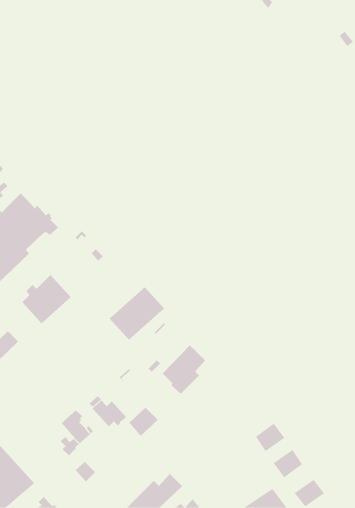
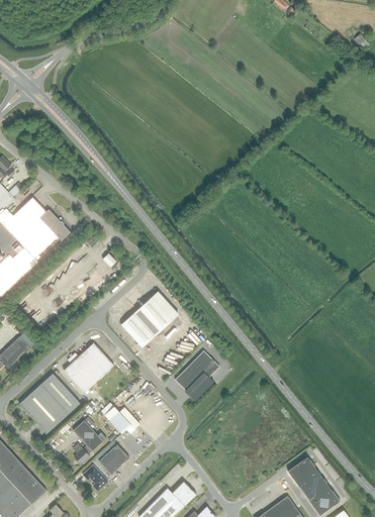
building: [21,274,71,324] -> [64,342,114,393]
building: none -> [19,374,80,434]
building: [129,407,159,437] -> [99,444,129,475]
building: [255,423,285,452] -> [298,472,329,501]

